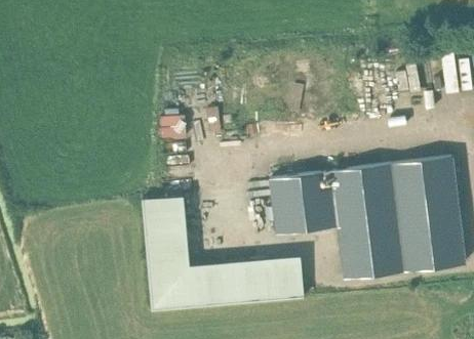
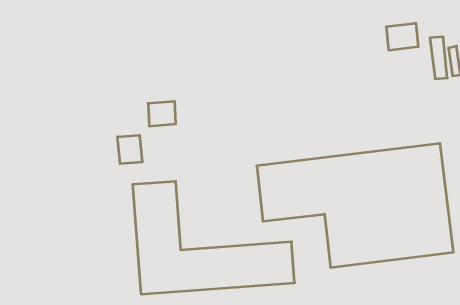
building: none -> [387,23,418,50]
building: none -> [118,135,142,164]

